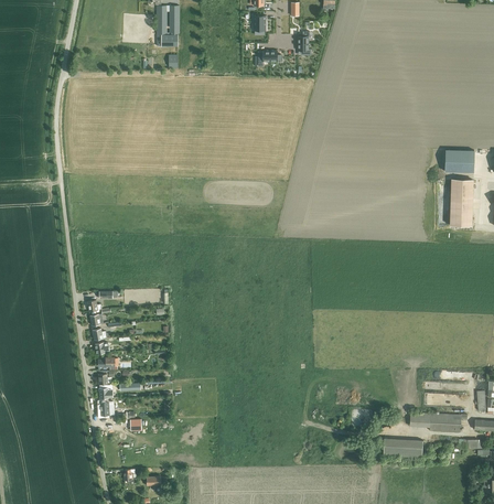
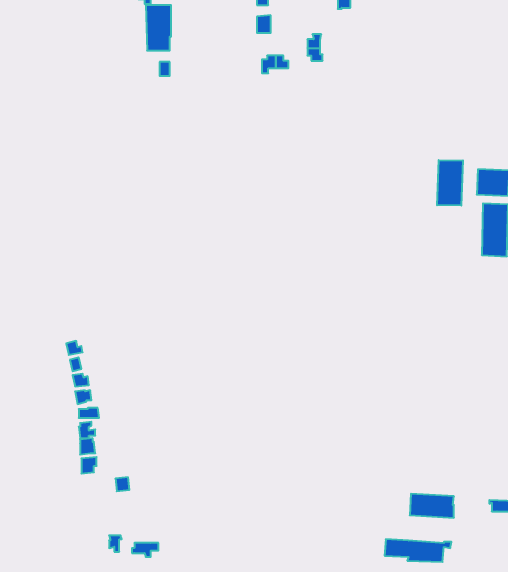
building: none -> [437,160,463,206]
building: [409,412,468,432] -> [385,539,451,562]

